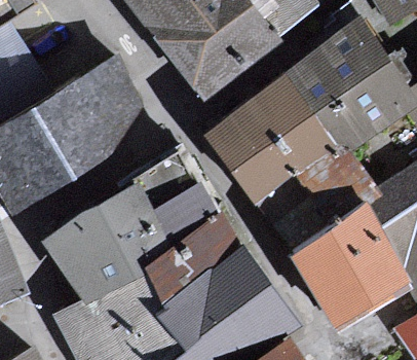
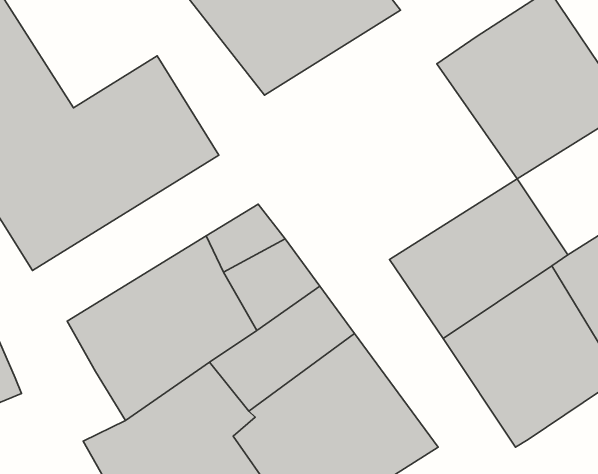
building: [219,71,348,199] -> none

